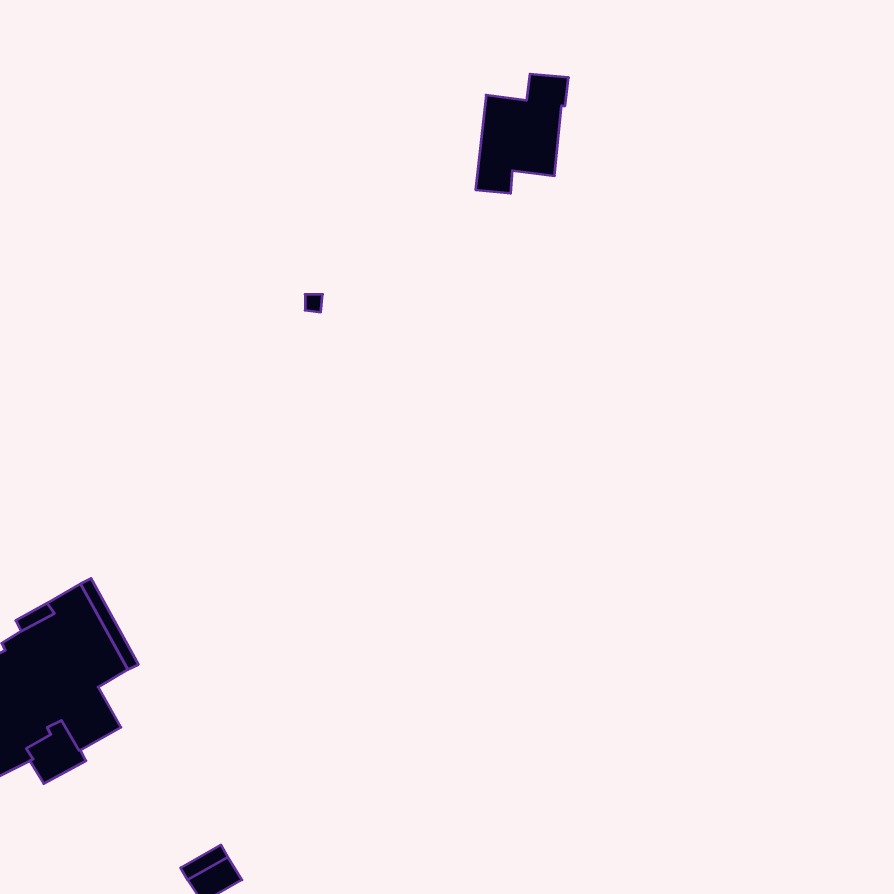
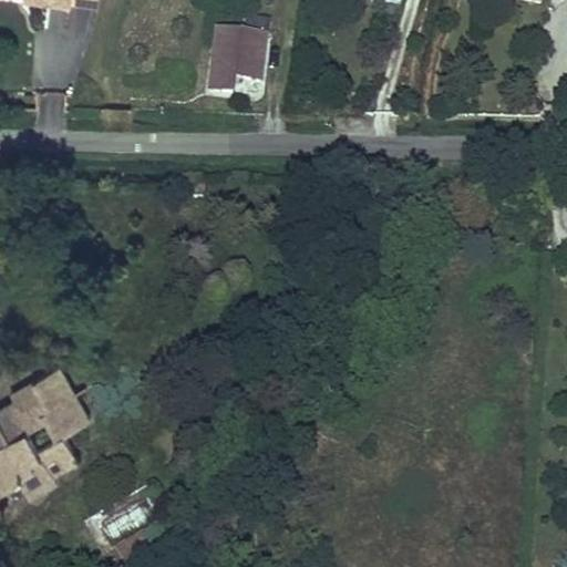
building: [476,74,569,193] -> [209,19,268,94]

